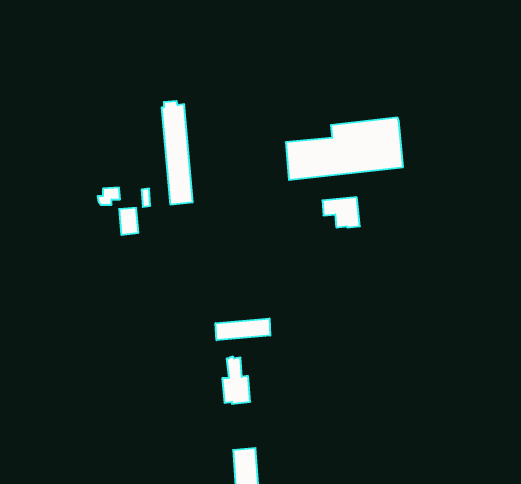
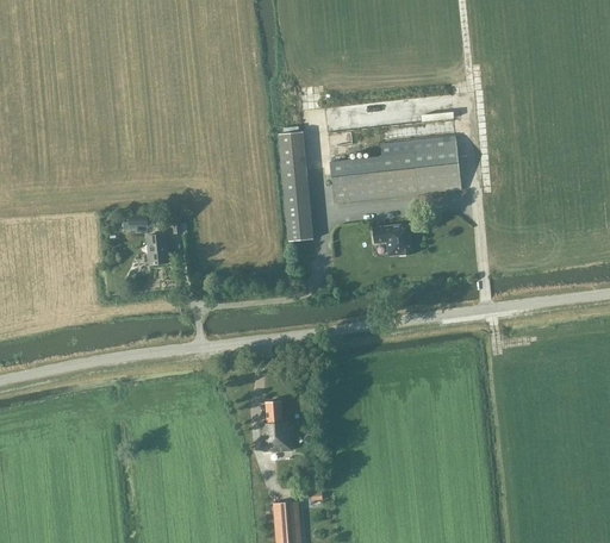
building: [162,101,193,204] -> [278,126,312,241]
building: [216,318,270,340] -> none

